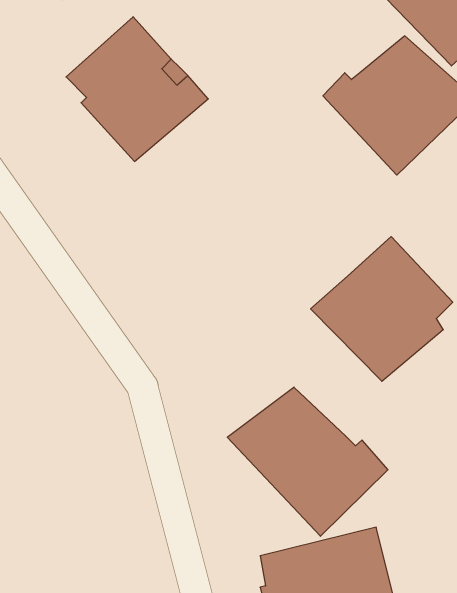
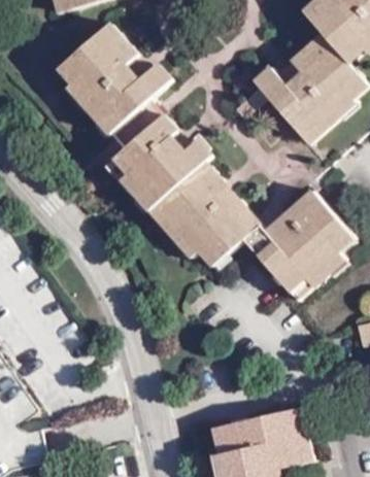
building: none -> [106,112,211,209]
building: none -> [152,168,260,265]
building: [227,387,388,536] -> none

